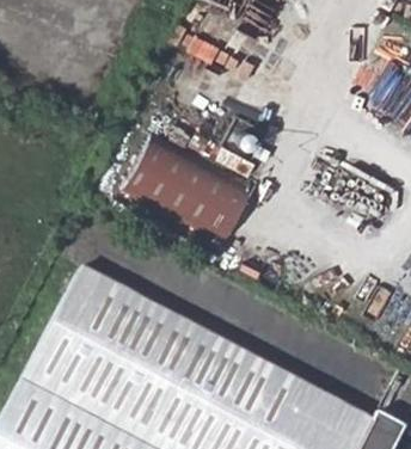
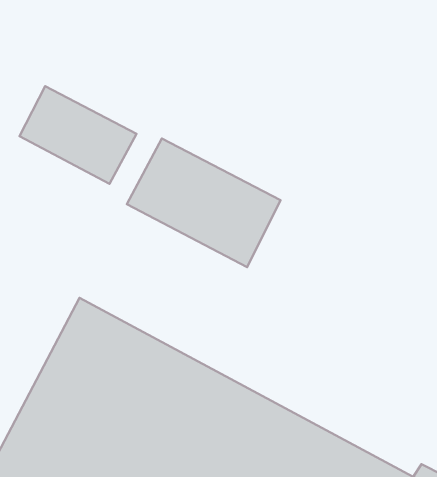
building: none -> [20,86,137,184]

